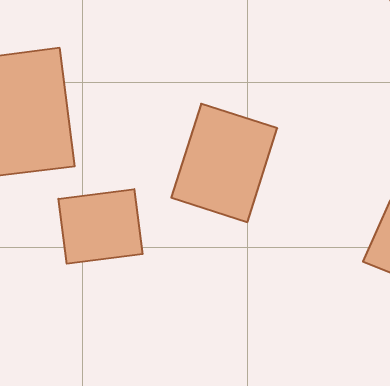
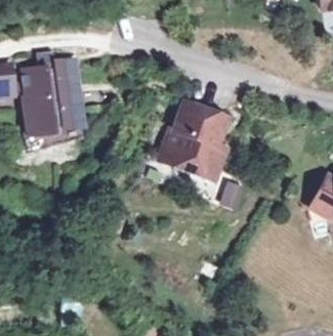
building: [58,189,143,264] -> none

